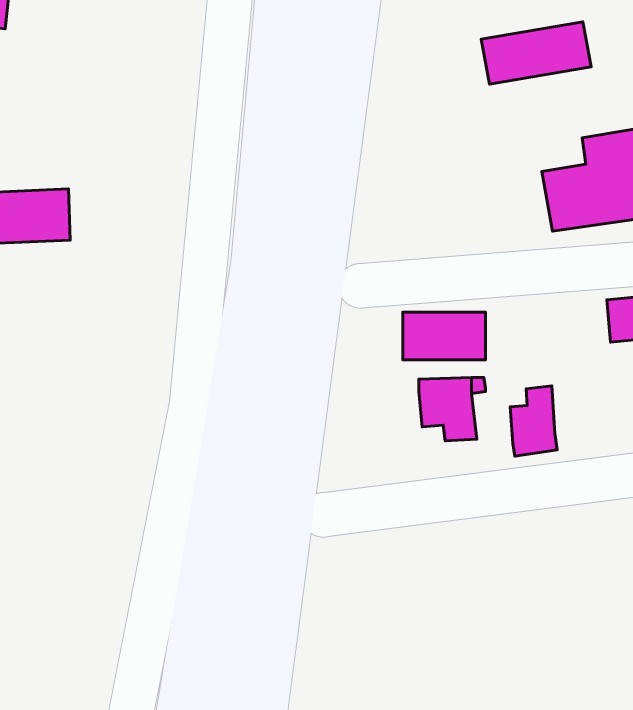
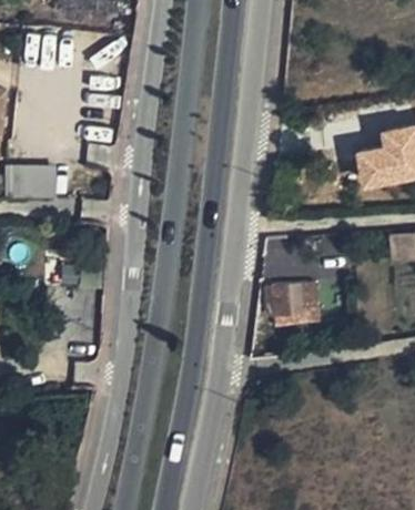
building: [481,22,591,84] -> none
building: [510,386,557,456] -> none

